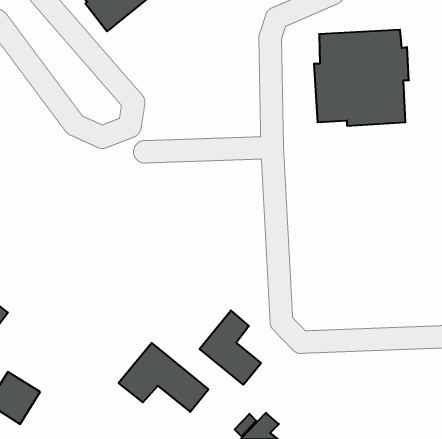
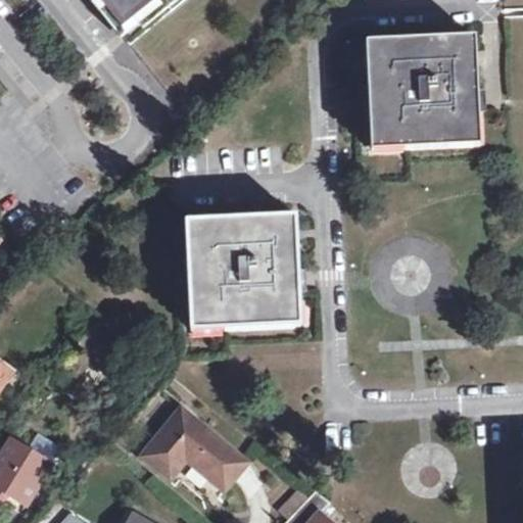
building: none -> [187,215,297,328]
building: [200,310,261,385] -> none

